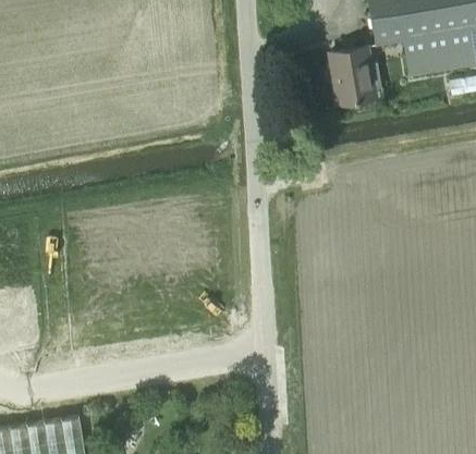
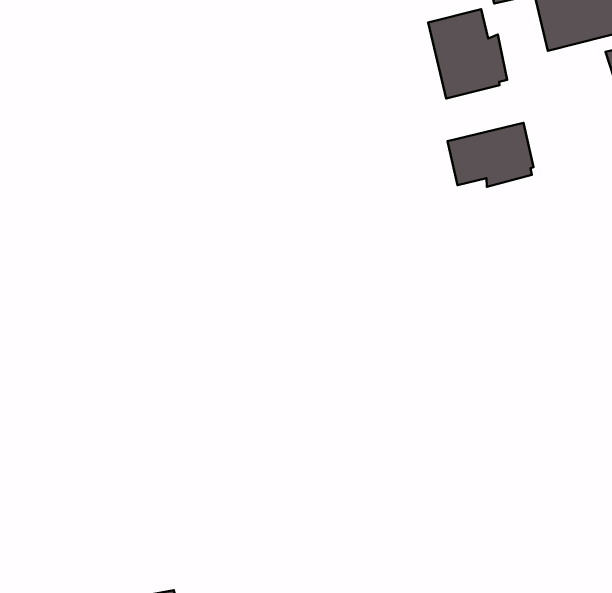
building: none -> [448,123,533,187]

